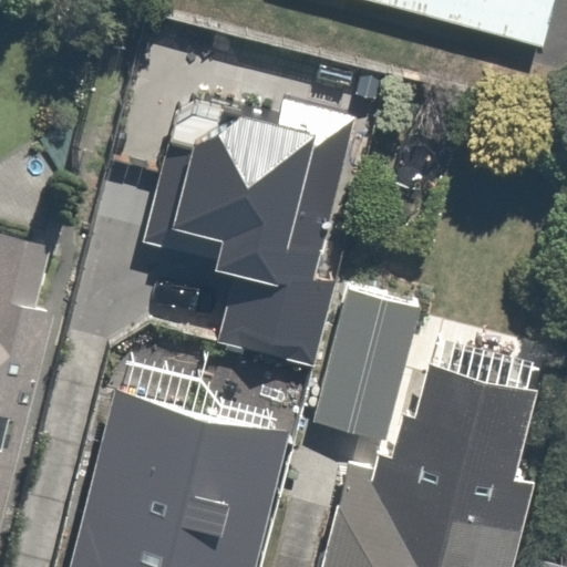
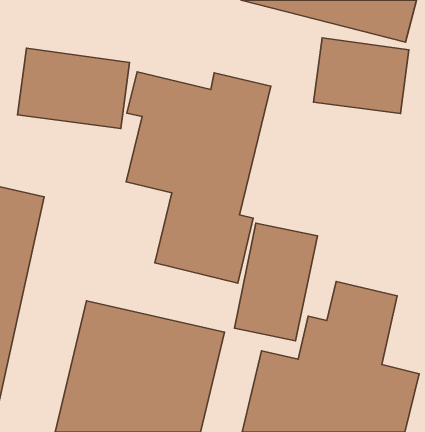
building: none -> [313,38,409,114]
building: none -> [18,48,129,128]

